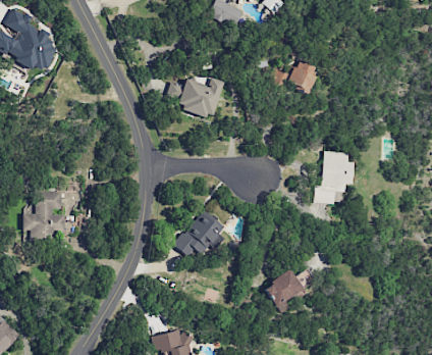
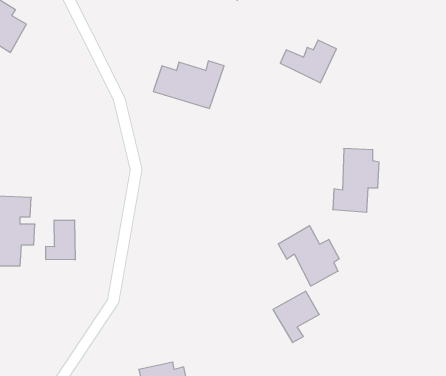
building: [175,209,225,256] -> none
building: none -> [46,220,75,260]
building: none -> [278,226,339,286]

